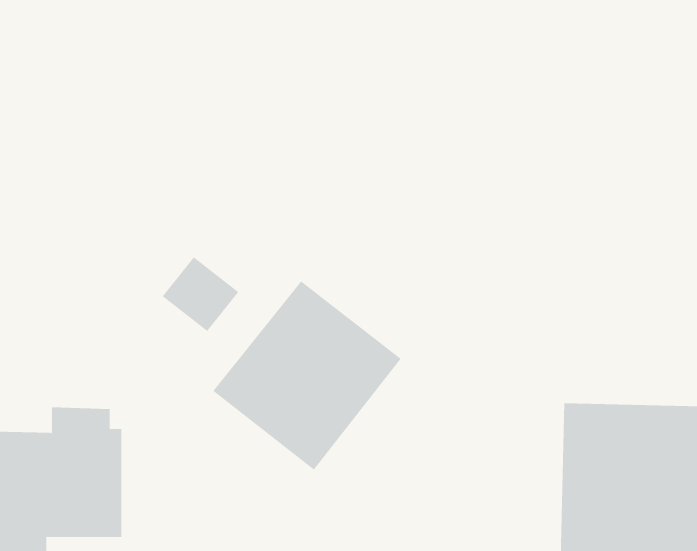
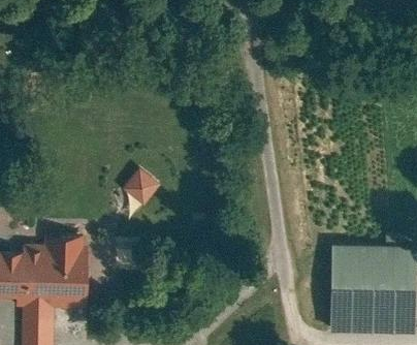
building: [213,280,401,470] -> none

